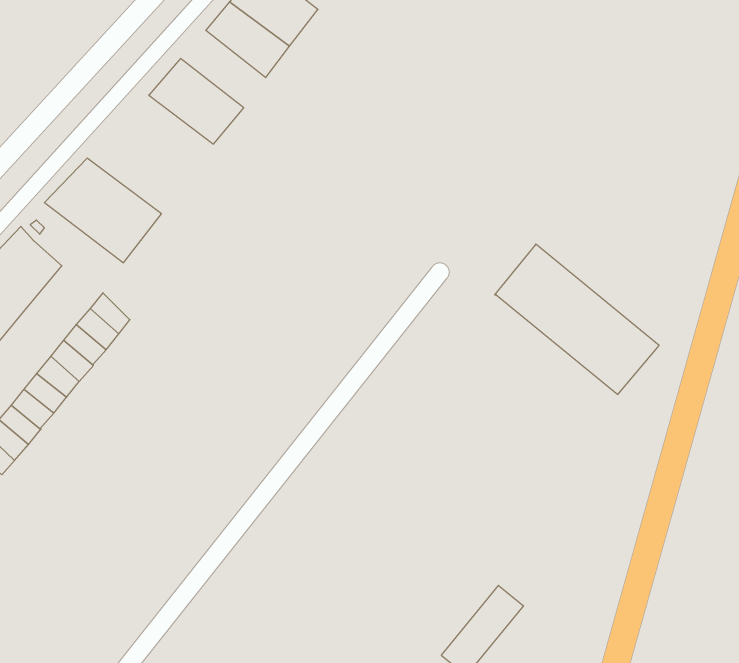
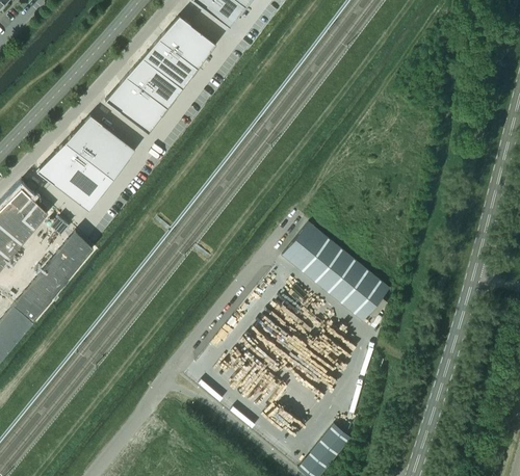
building: none -> [126,58,182,109]
building: none -> [64,115,135,179]
building: [495,244,659,394] -> [282,222,390,321]

